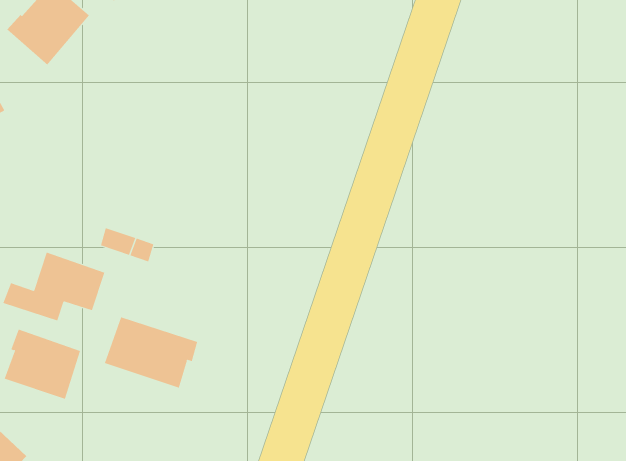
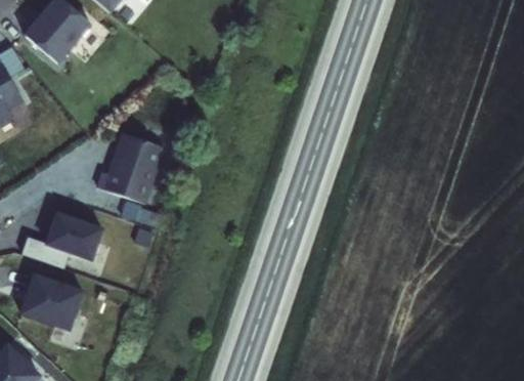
building: none -> [98,133,165,203]
building: [104,316,198,389] -> none

